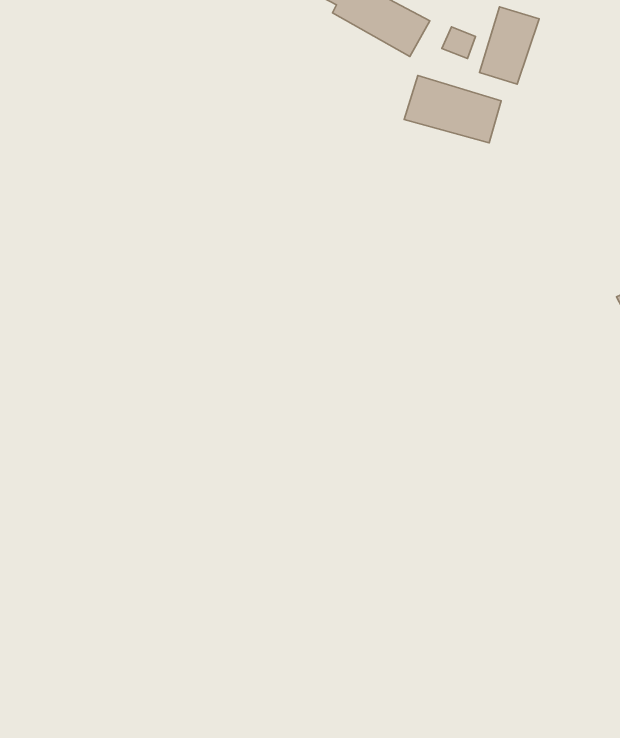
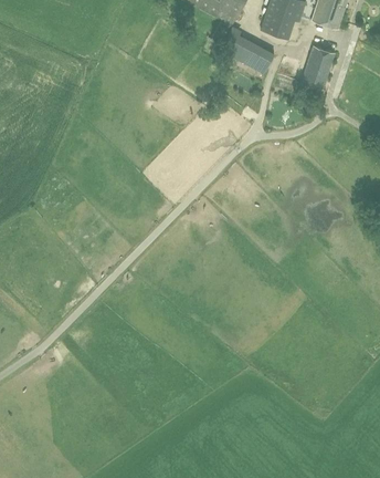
building: [404,75,501,143] -> none

